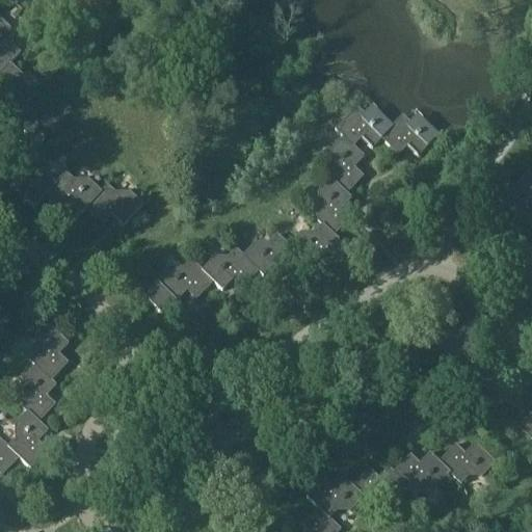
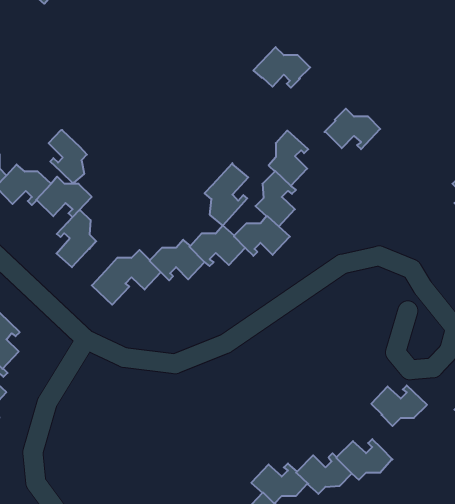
building: [335,103,393,144] -> [253,47,310,88]
building: none -> [49,130,87,184]
building: none -> [205,163,248,225]
building: none -> [56,210,96,267]
building: [440,440,497,481] -> [371,385,427,426]

